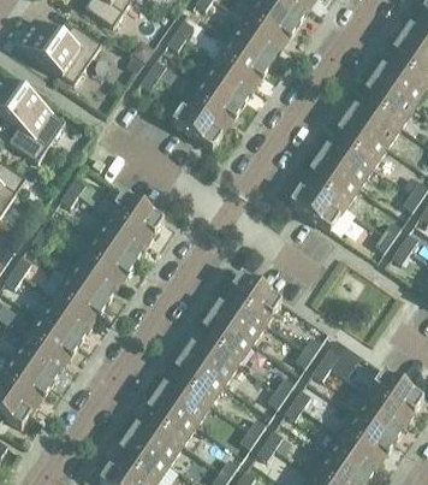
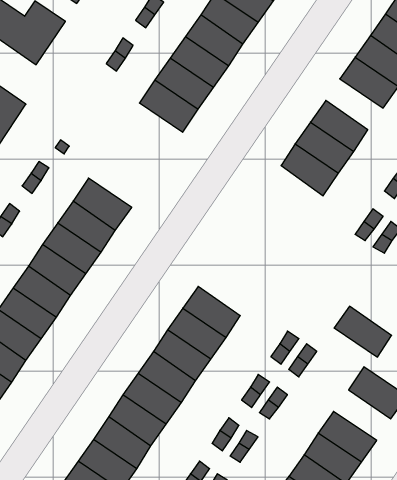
building: [346,99,400,147] -> none
building: [289,181,344,230] -> none
building: [226,273,281,323] -> none
building: [353,392,408,440] -> [334,306,392,357]

